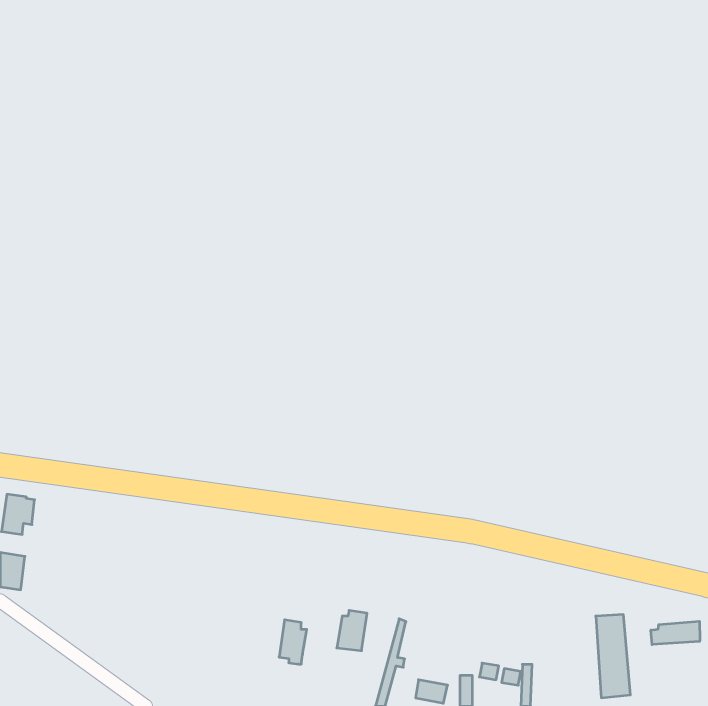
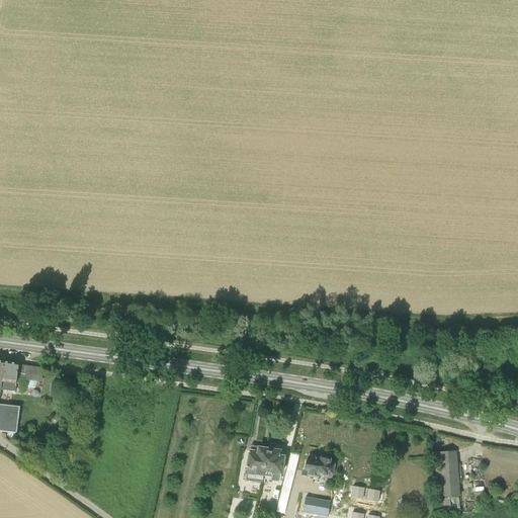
building: [279,620,307,664] -> [264,448,284,481]
building: [651,621,700,645] -> none
building: none -> [305,454,334,478]

